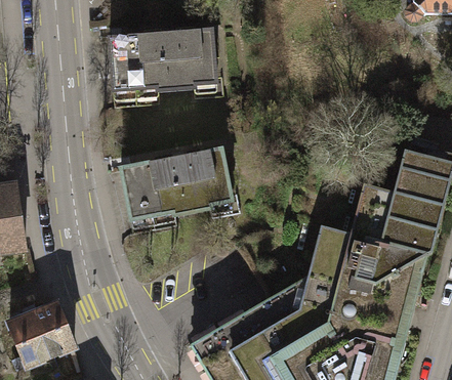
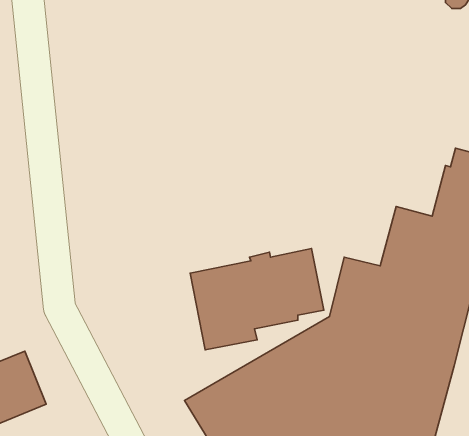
building: [110,29,215,105] -> none
building: [121,147,232,231] -> [190,248,324,350]

